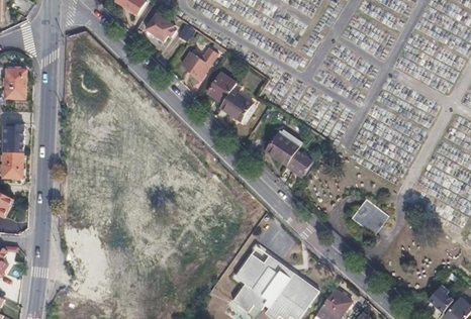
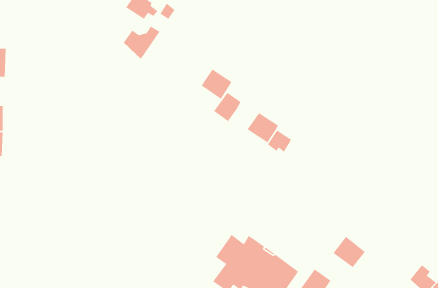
building: [180,47,217,82] -> [123,25,160,60]
building: [207,73,236,103] -> [213,92,241,122]
building: [353,200,386,232] -> [333,236,366,268]

